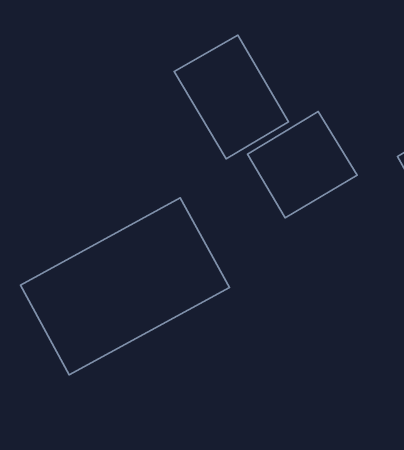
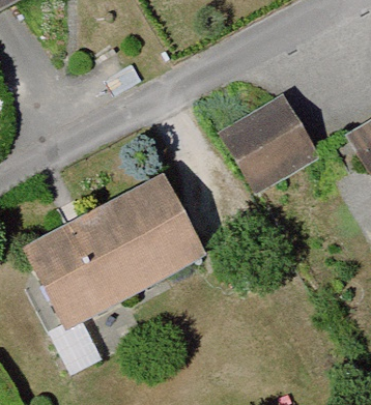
building: [174,35,289,159] -> none

